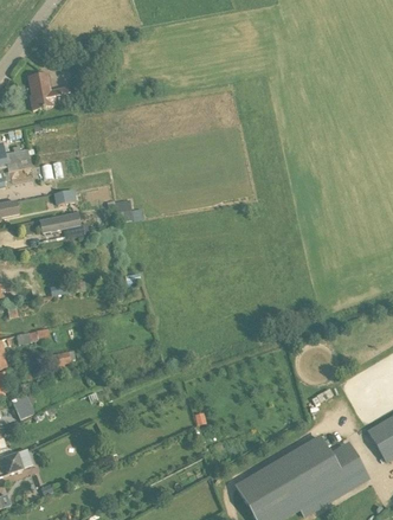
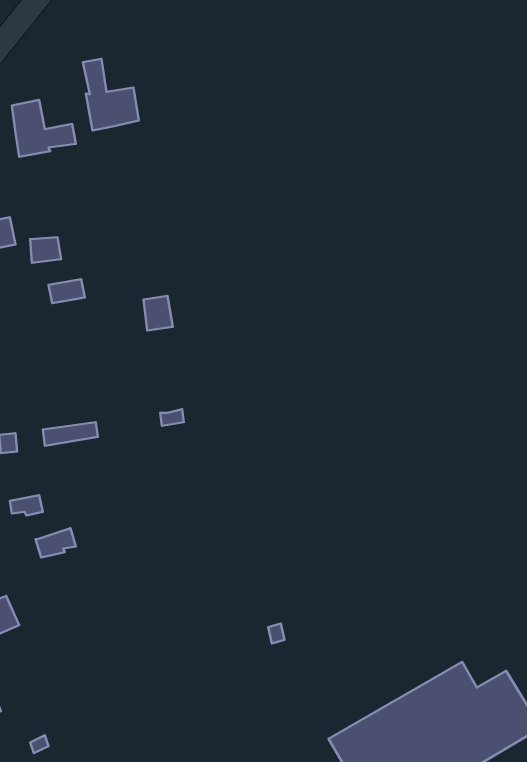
building: none -> [83,59,139,131]
building: [40,210,82,237] -> none

